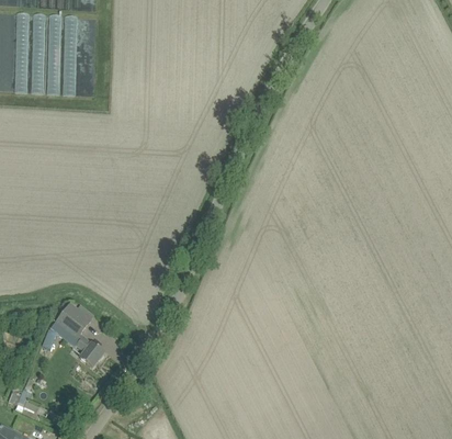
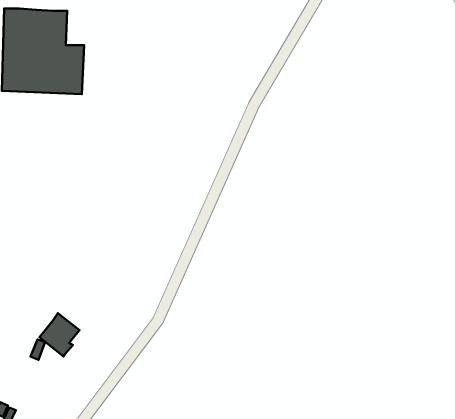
building: [76,335,104,367] -> none

